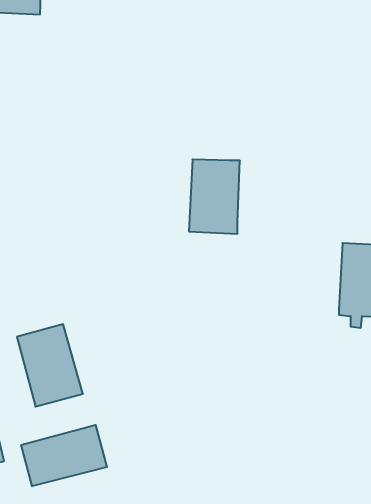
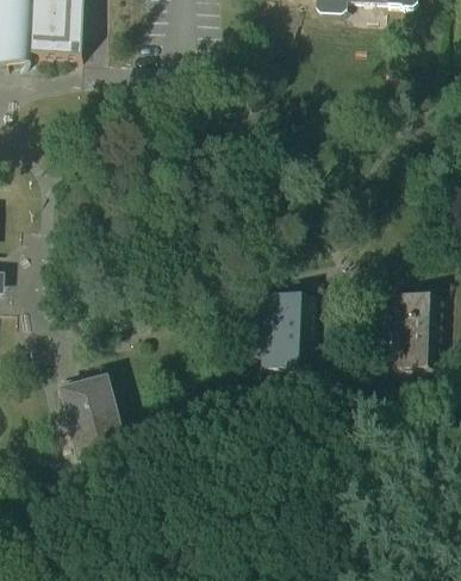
building: [189,159,240,234] -> [260,291,312,367]
building: [21,425,107,486] -> none

